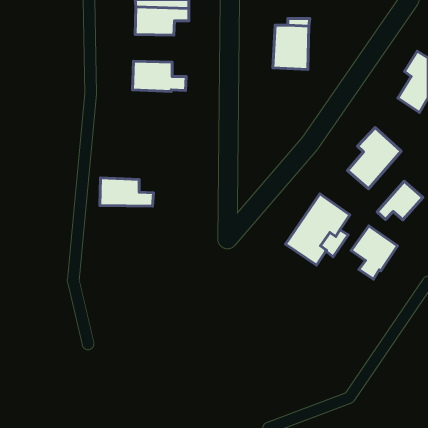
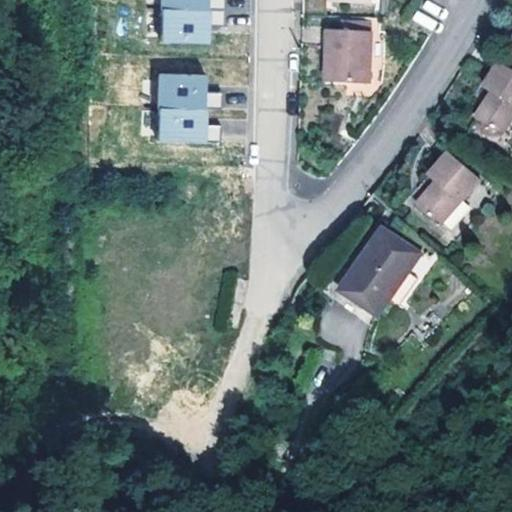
building: [100,178,153,206] -> [157,107,221,141]
building: [377,181,423,220] -> none
building: [351,226,398,279] -> none

